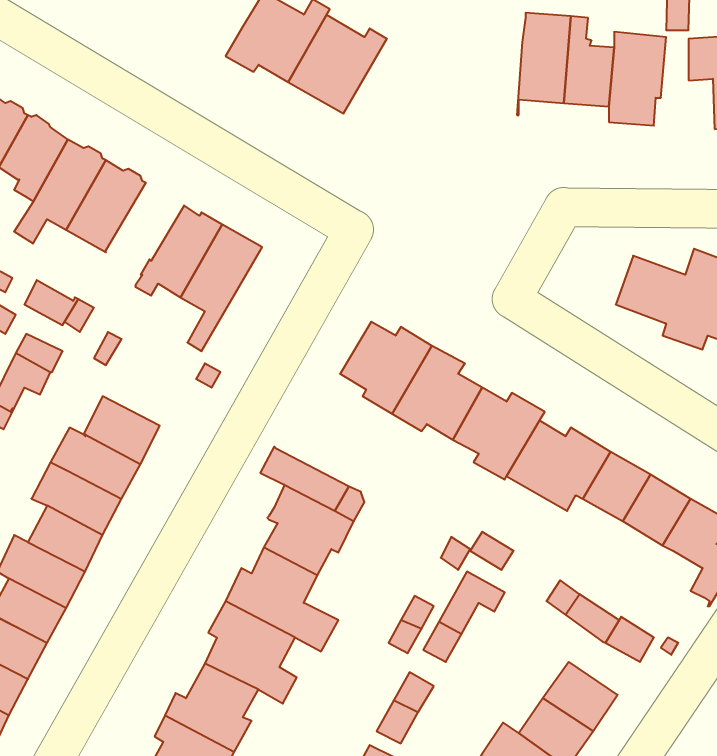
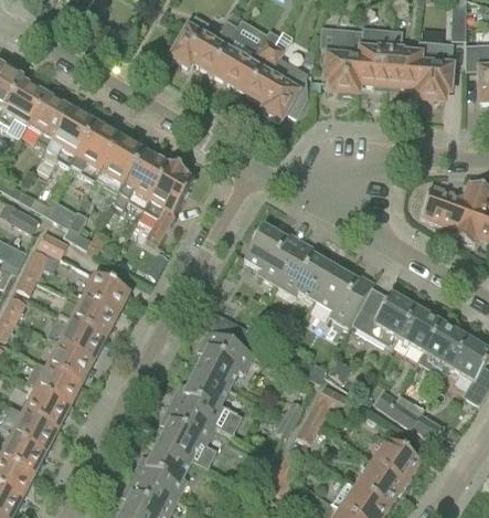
building: none -> [325,30,362,94]
building: none -> [246,45,306,120]
building: none -> [95,137,145,195]

